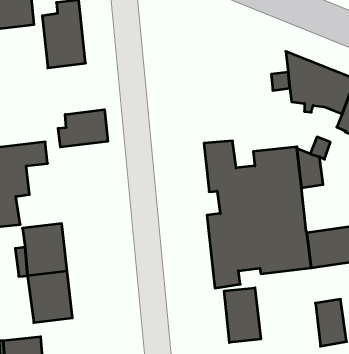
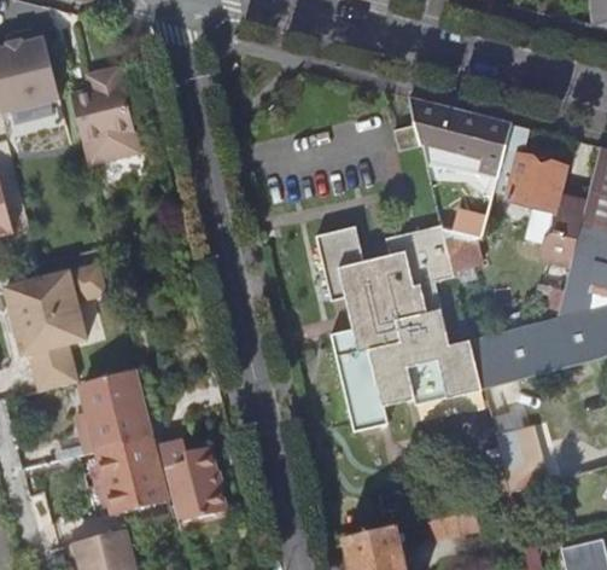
building: [58,110,108,147] -> none
building: none -> [160,437,226,519]
building: [224,288,261,343] -> none

